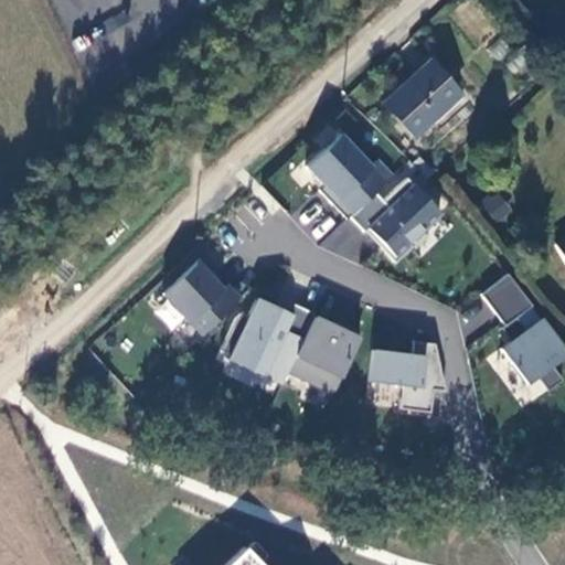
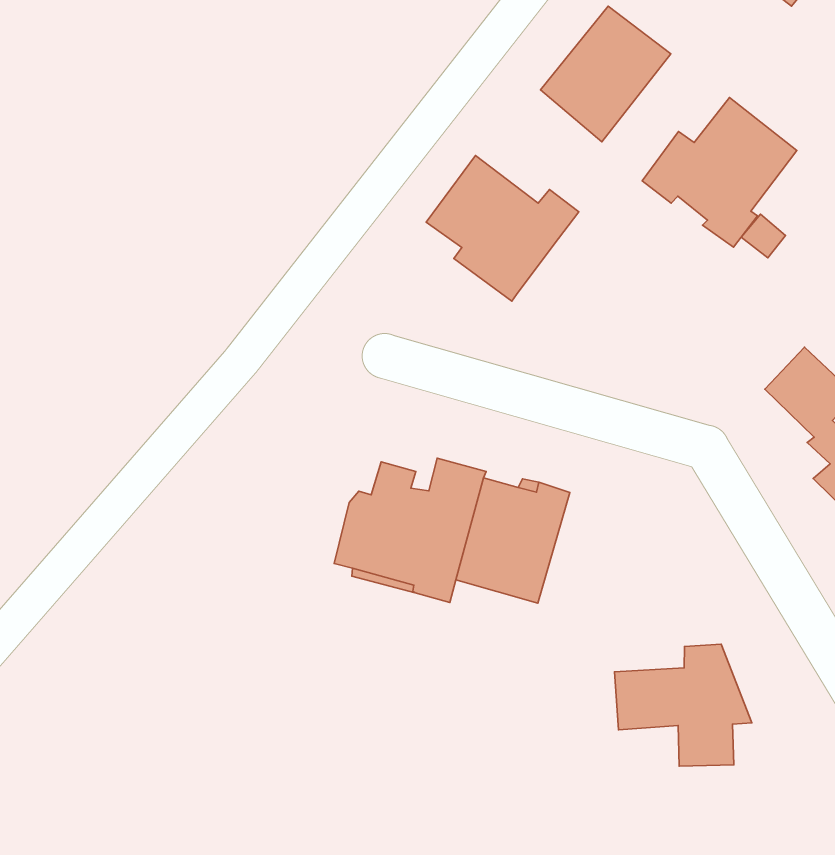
building: [352,178,443,263] -> [642,98,797,247]
building: [162,256,243,334] -> none
building: [370,341,446,413] -> [615,644,752,766]

